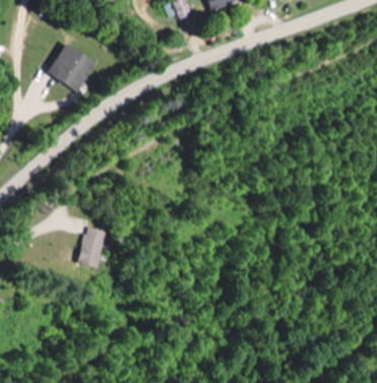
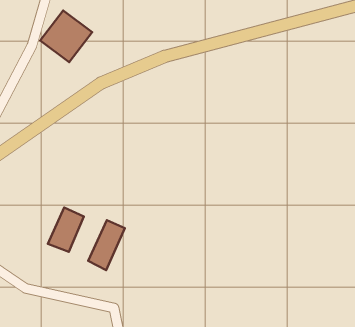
building: none -> [88,220,125,270]

